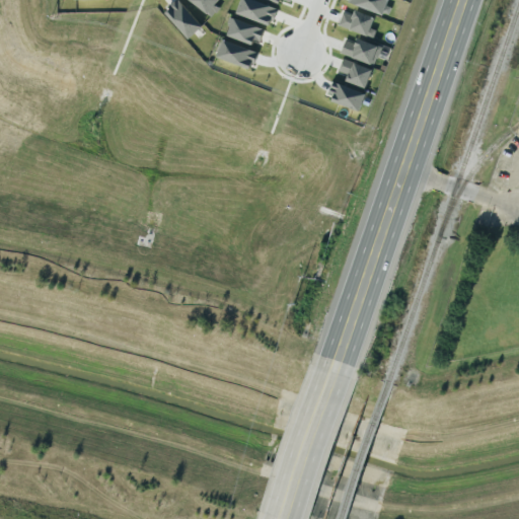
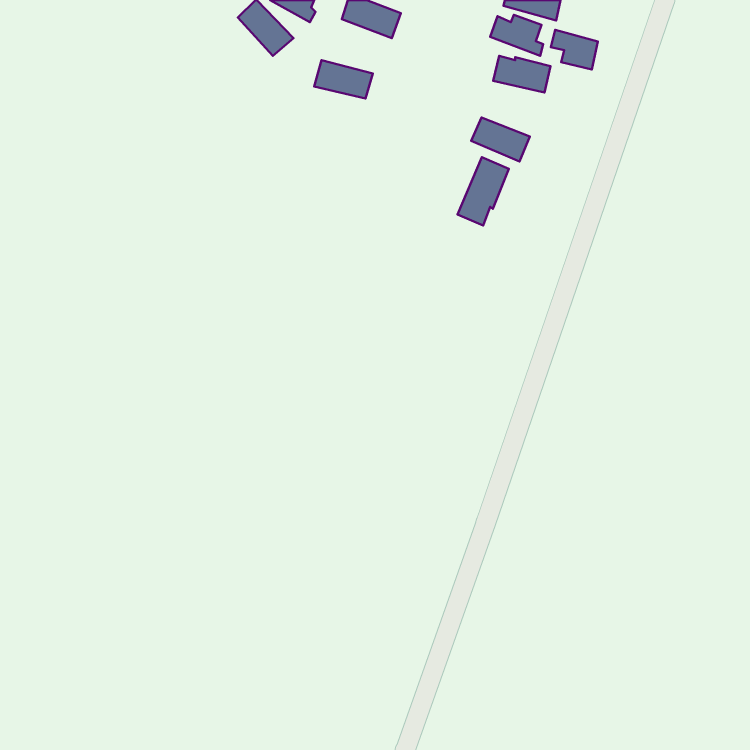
building: [225,17,265,47] -> none
building: [339,60,371,87] -> [551,30,598,69]
building: none -> [457,157,509,225]

